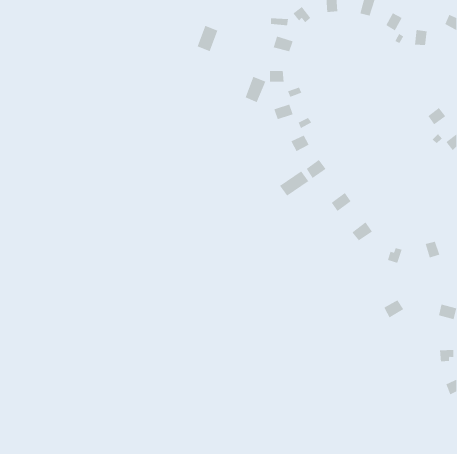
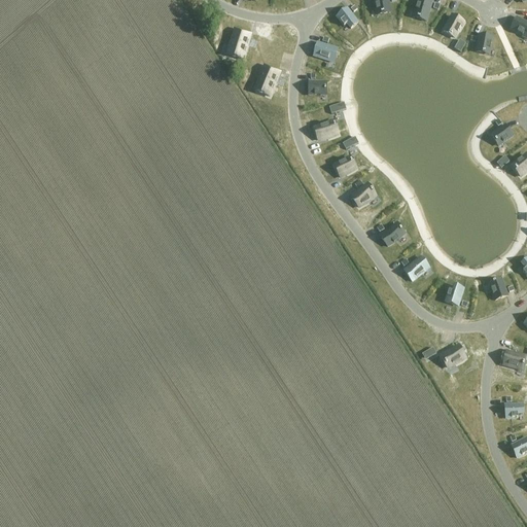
building: [245,76,266,103] -> [255,65,280,96]
building: [279,170,309,197] -> none

